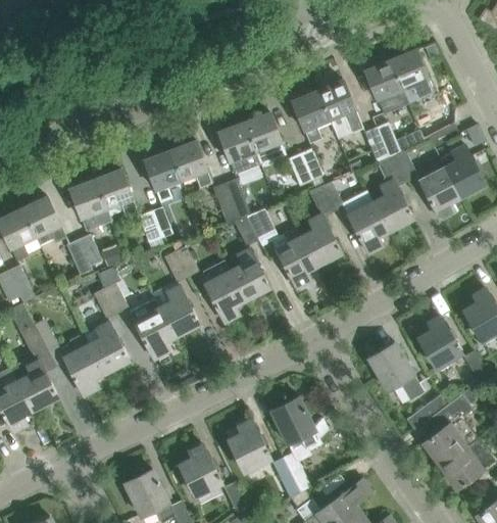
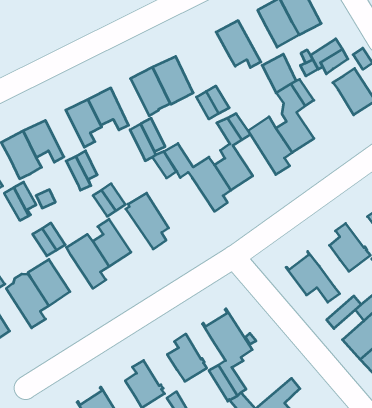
building: [292,90,330,143] -> none
building: [419,167,459,219] -> none
building: [223,247,270,300] -> none

